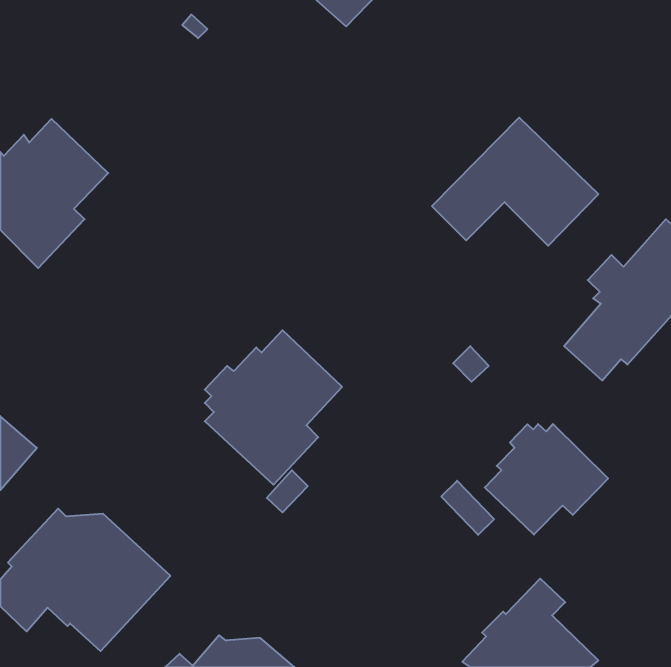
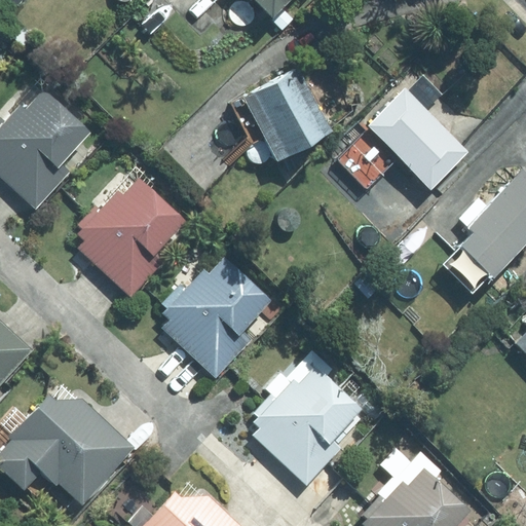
building: none -> [240,69,333,163]
building: none -> [77,180,182,296]
building: [485,424,608,535] -> none
building: none -> [252,347,361,486]

